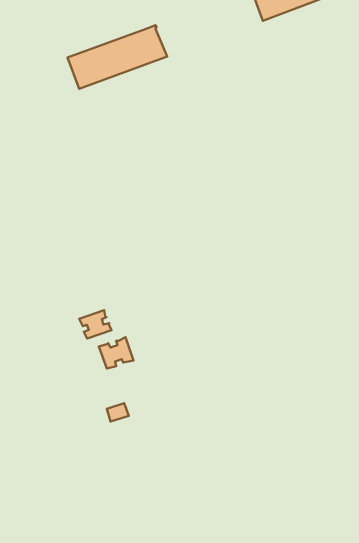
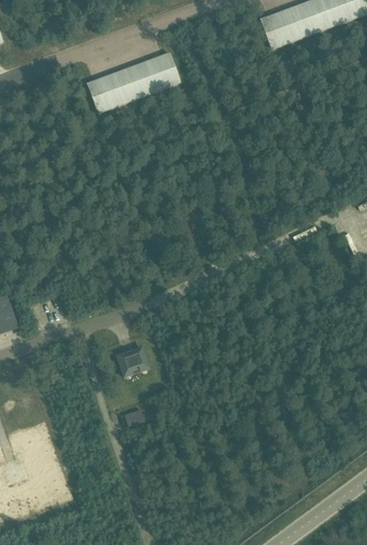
building: [79,310,111,338] -> none

